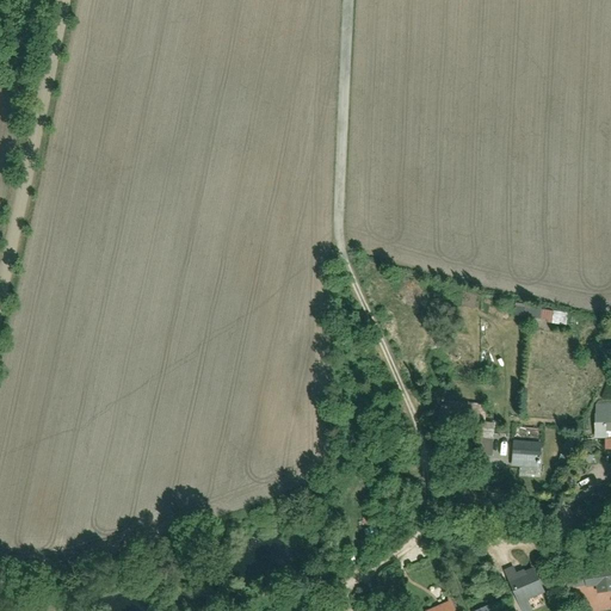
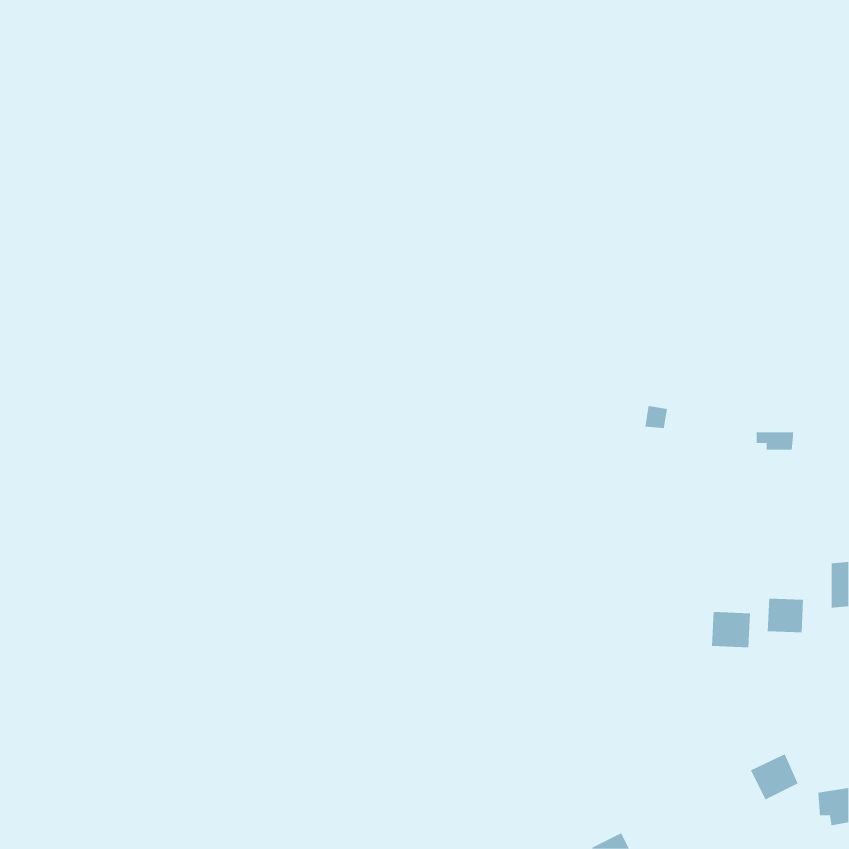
building: none -> [767,598,804,633]
building: [512,568,547,601] -> [750,754,798,800]

